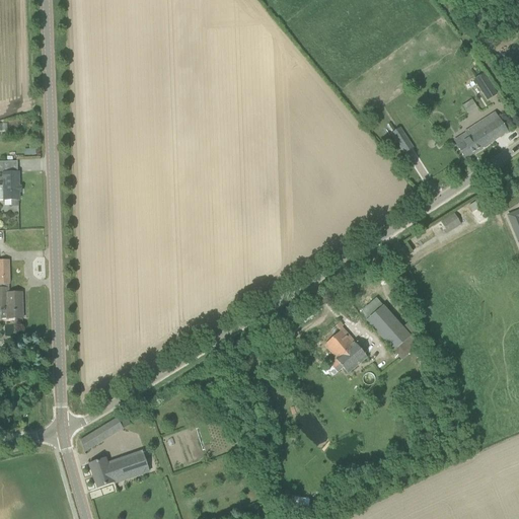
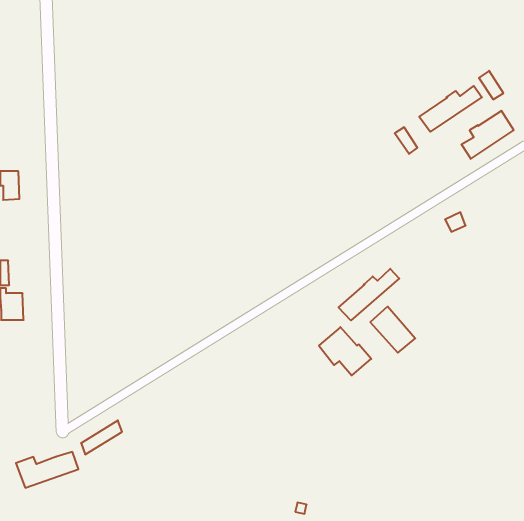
building: none -> [419,86,482,132]
building: none -> [339,269,399,320]
building: [88,450,150,486] -> [16,452,78,488]

